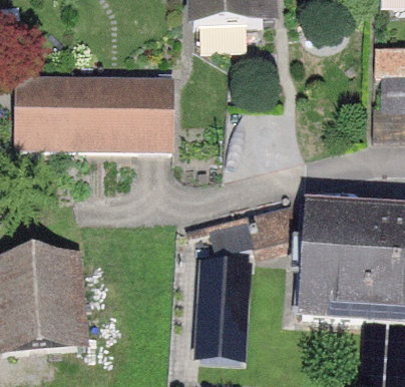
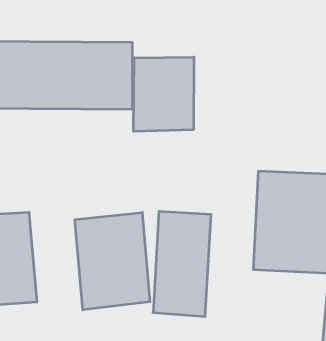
building: none -> [134,57,194,131]
building: none -> [75,212,150,310]

